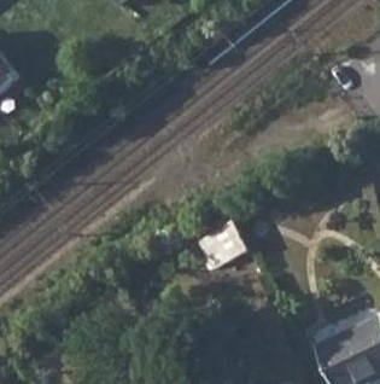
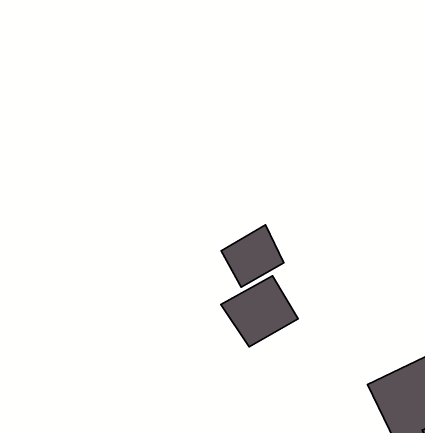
building: none -> [221,276,298,347]

